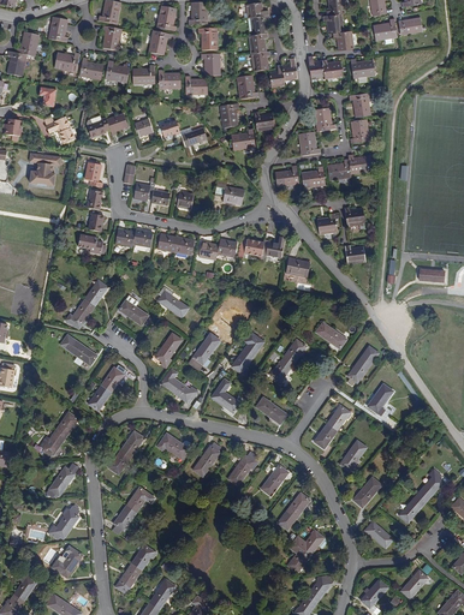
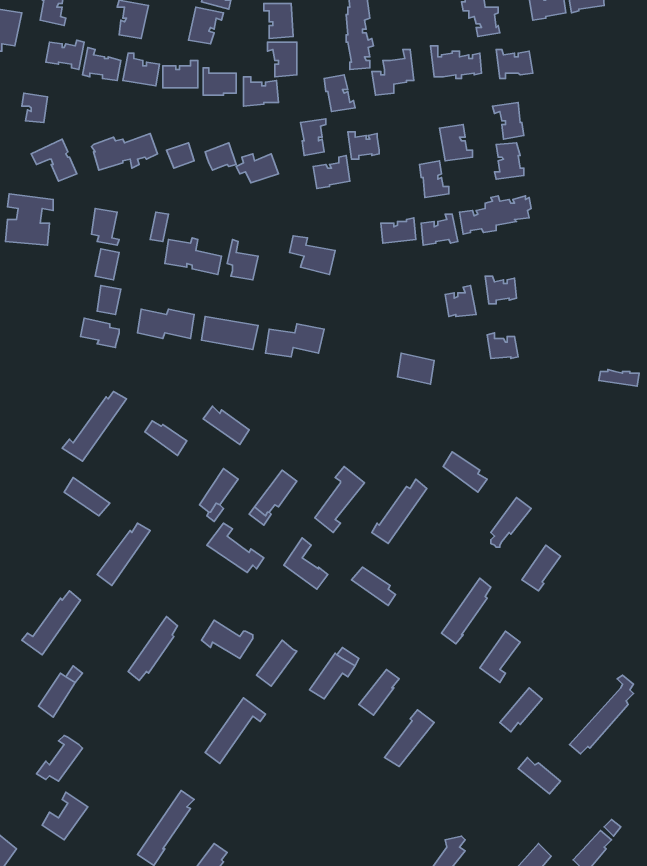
building: [237,237,282,262] -> none
building: [113,486,153,530] -> [205,698,266,764]
building: [288,531,327,572] -> none

